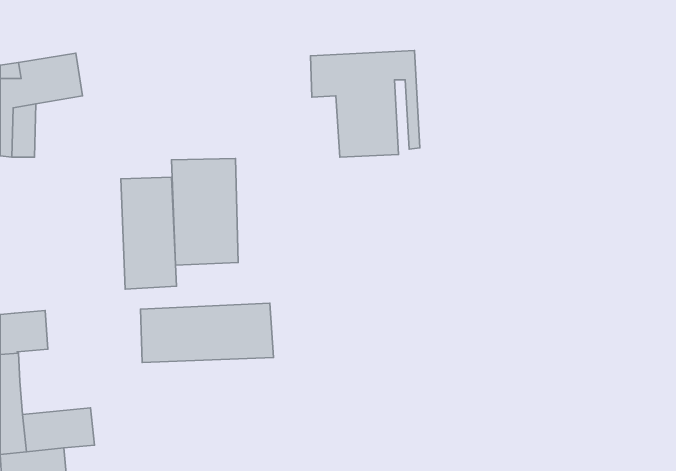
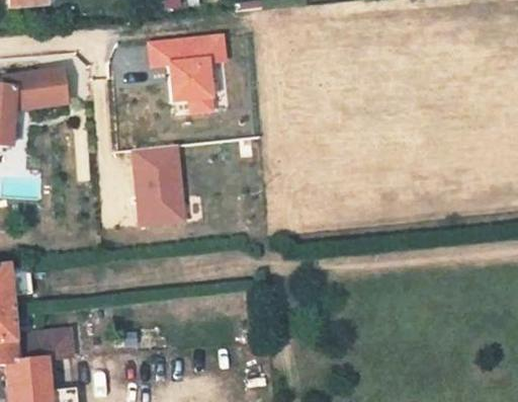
building: [311,50,420,157] -> [147,34,230,115]
building: [121,177,177,289] -> none
building: [141,303,273,362] -> none

